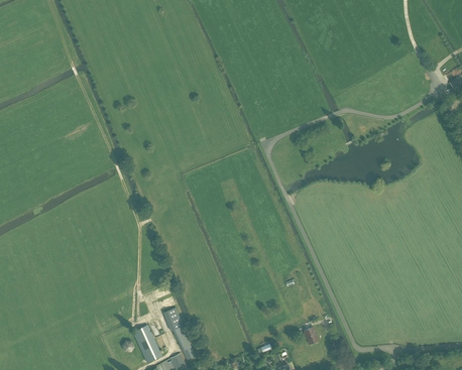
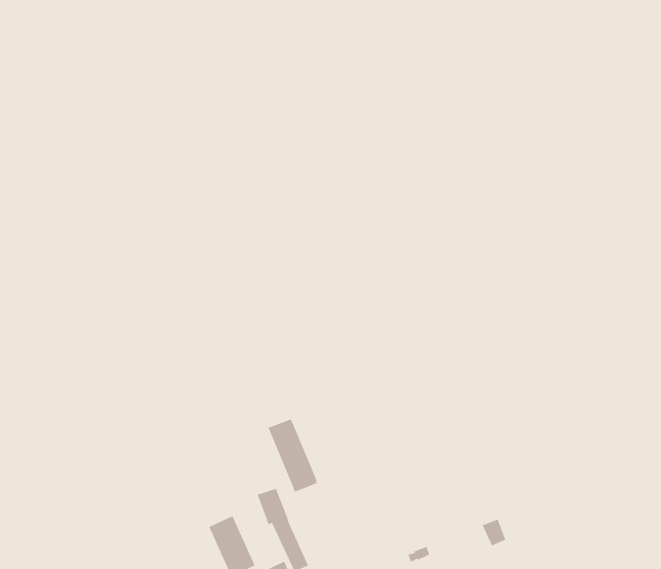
building: none -> [268,418,318,492]

